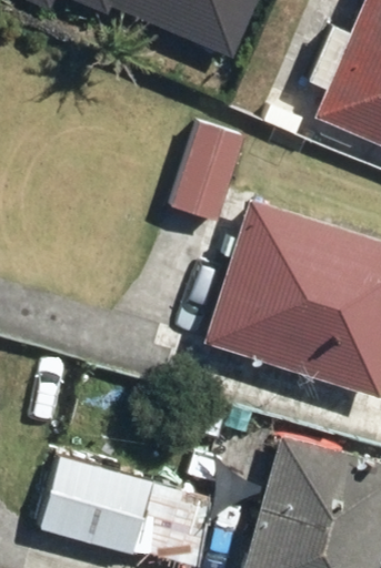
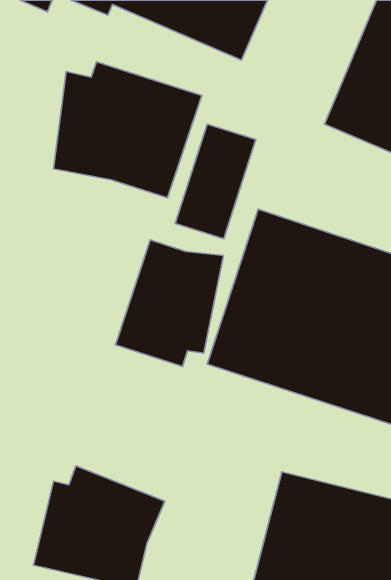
building: none -> [53,62,202,198]
building: none -> [115,240,223,366]

